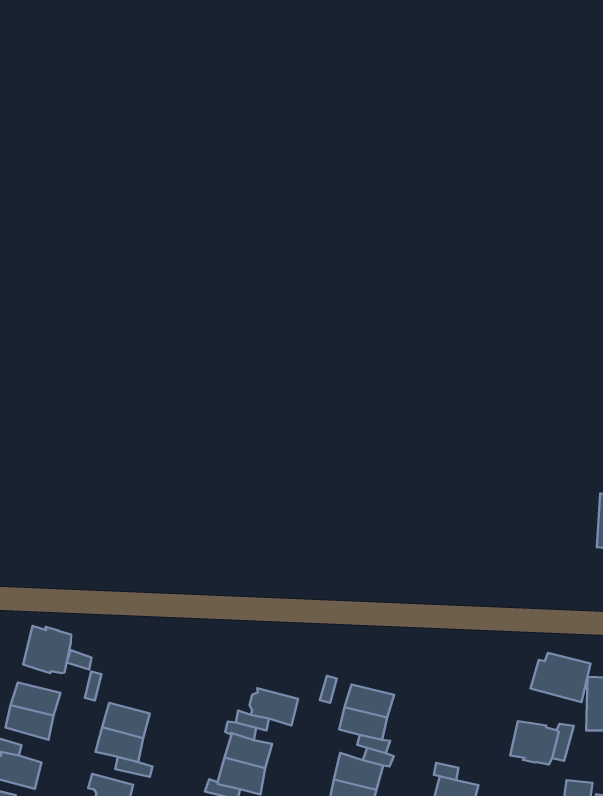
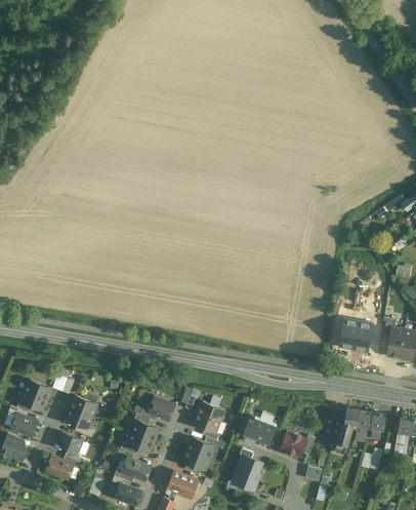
building: [23,626,71,673] -> none
building: [531,653,591,702] -> [243,417,276,444]

